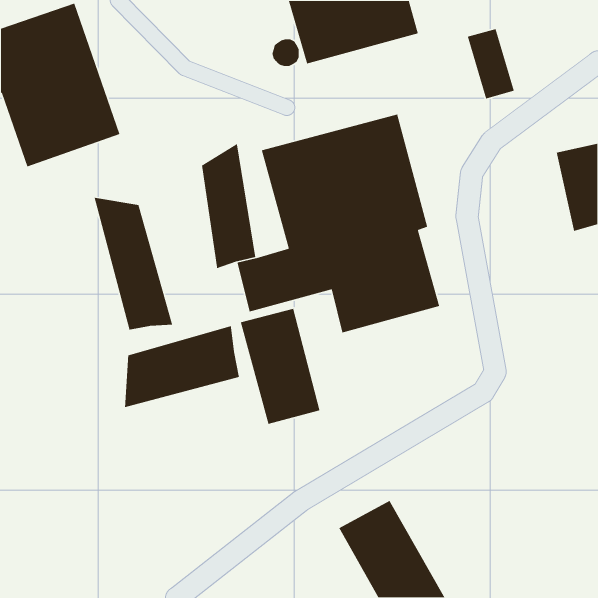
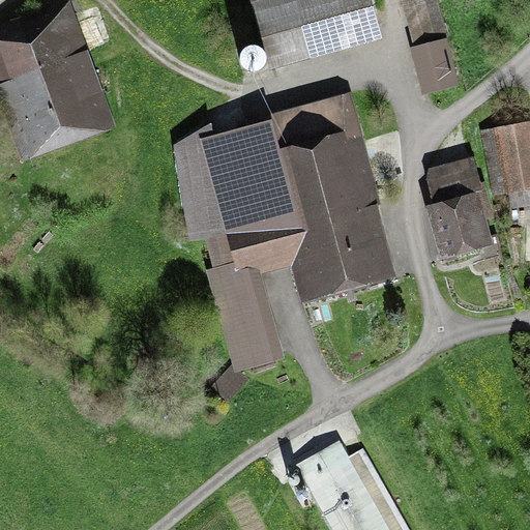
building: none -> [428,164,492,254]
building: [94,197,173,330] -> none
building: [124,325,240,408] -> none

